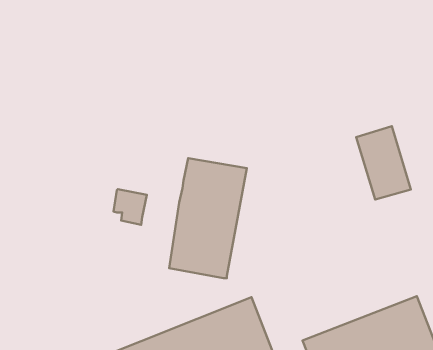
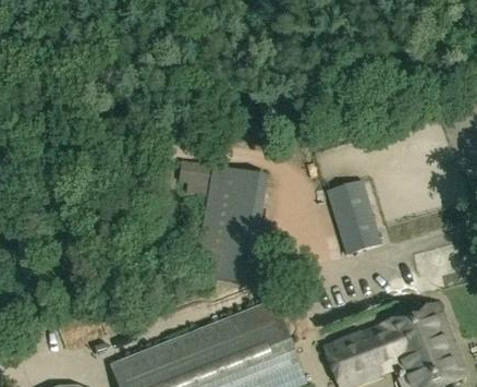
building: [356,126,411,200] -> [327,180,380,252]
building: [113,189,147,225] -> [179,159,211,194]

